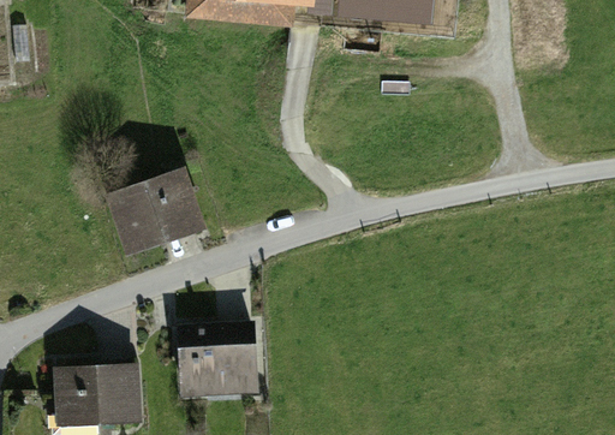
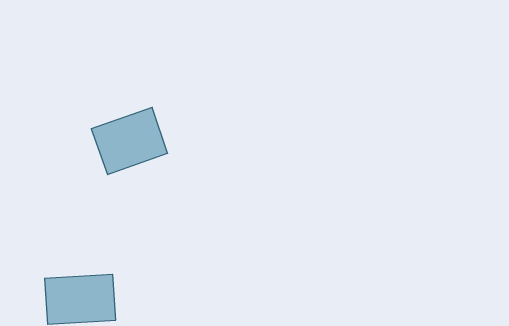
building: [168,316,264,388] -> none

